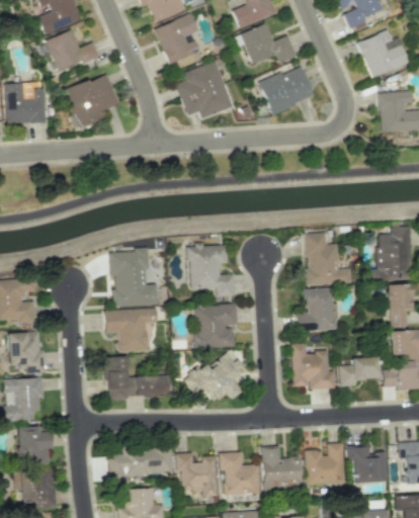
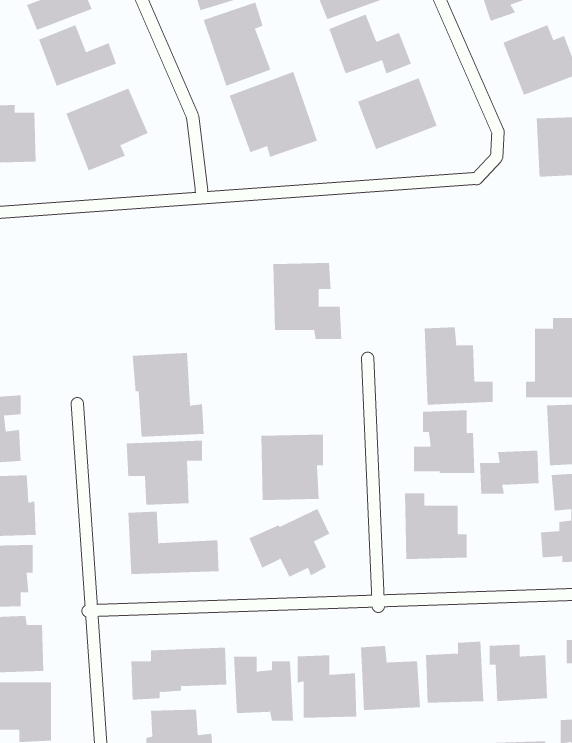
building: [188,244,235,295] -> [273,262,342,339]
building: [339,356,380,385] -> [479,450,540,494]

